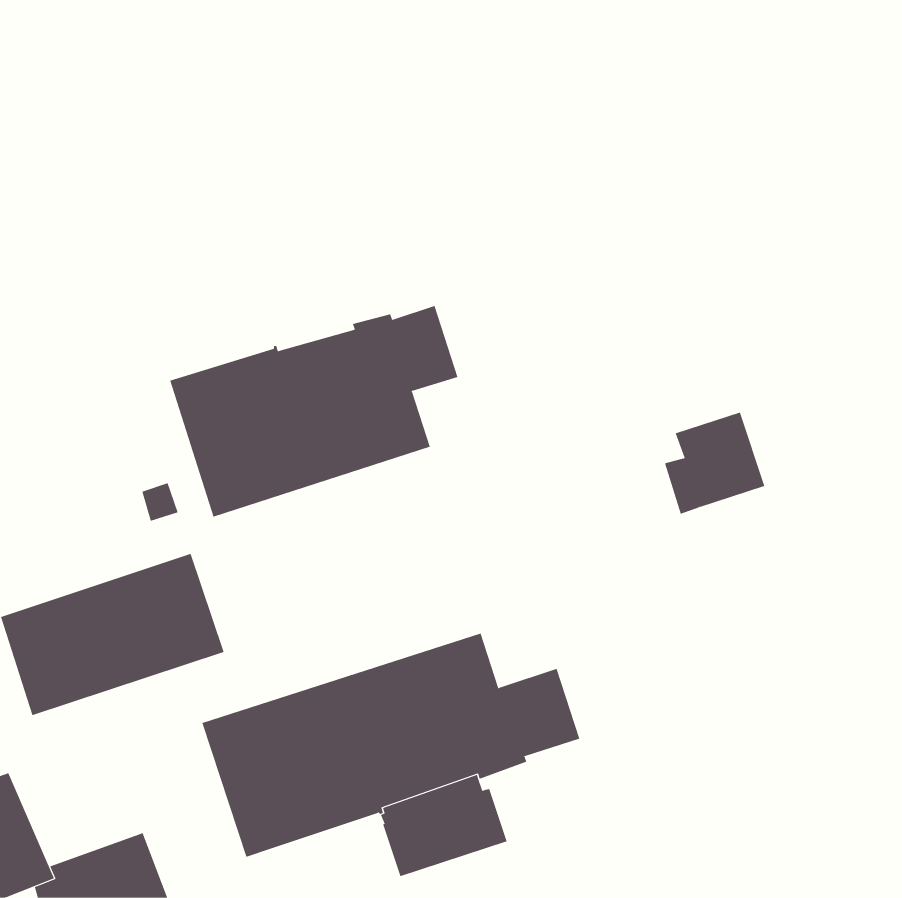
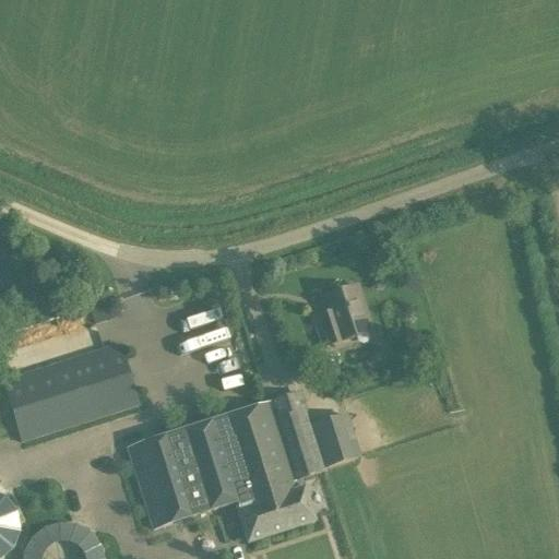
building: [169,305,458,517] -> none
building: [664,412,765,514] -> [310,284,372,347]

